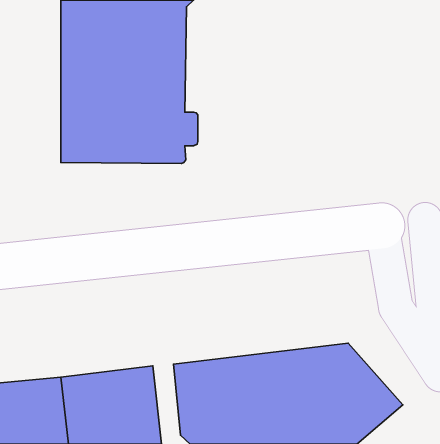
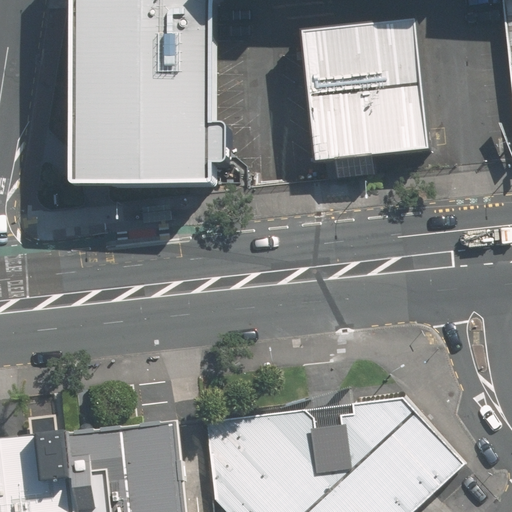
building: none -> [303,25,424,163]

